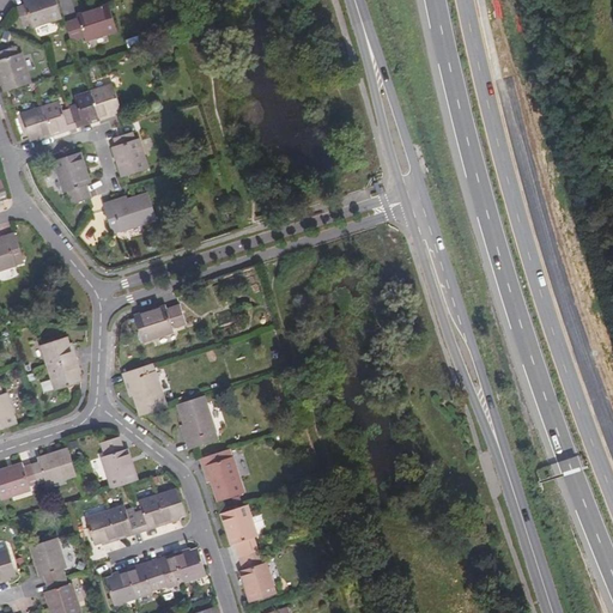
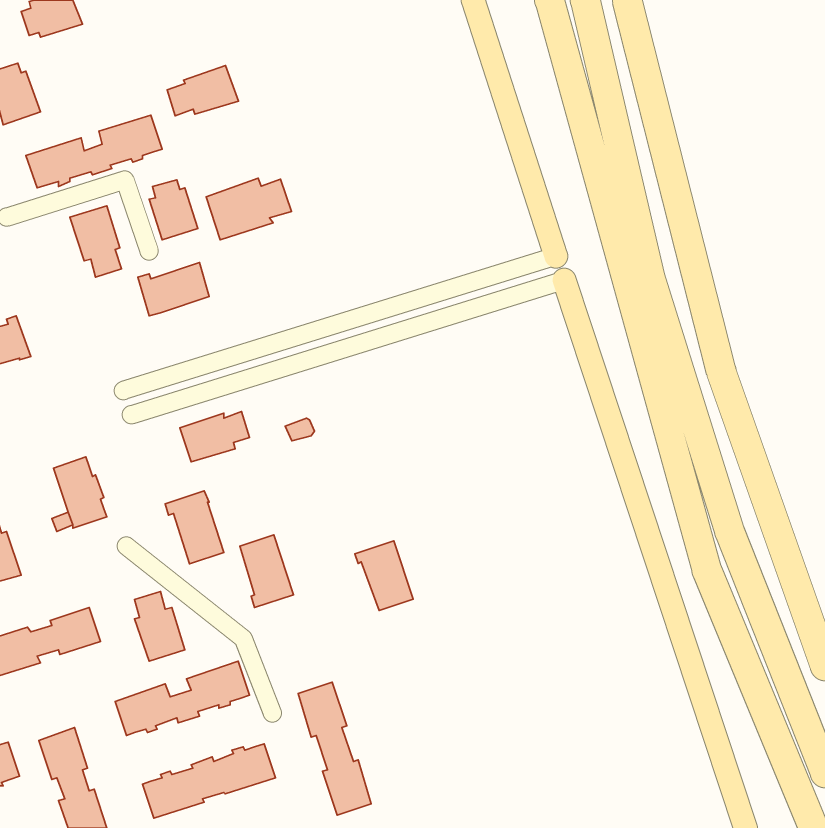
building: [63,5,116,42] -> [167,66,239,116]
building: none -> [206,178,292,240]
building: [200,449,243,500] -> [355,541,413,610]

